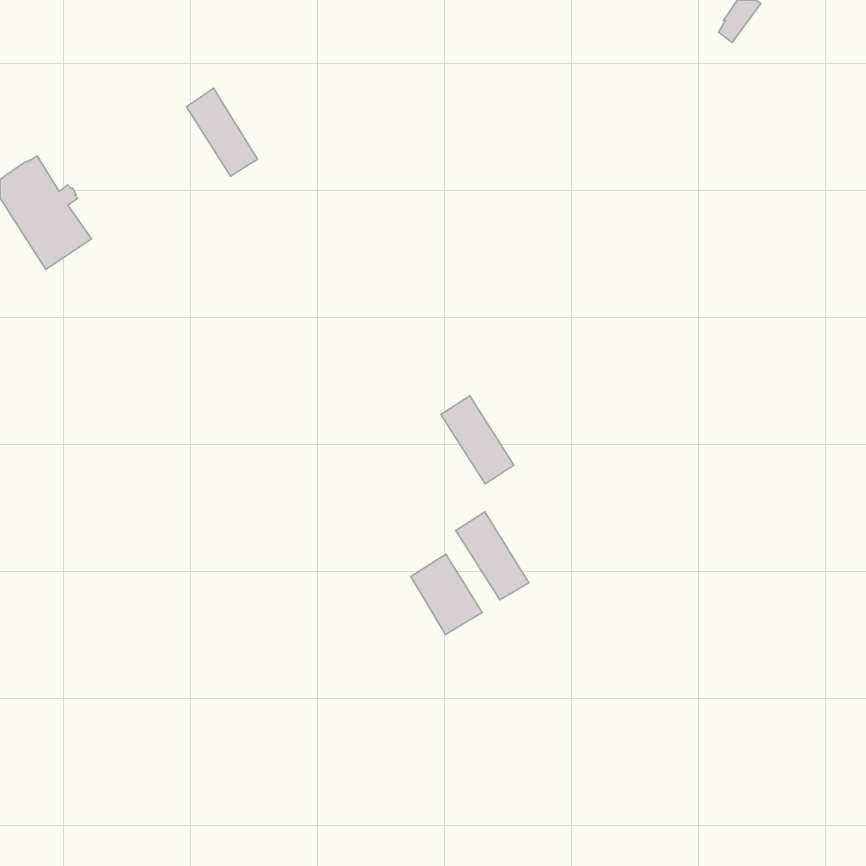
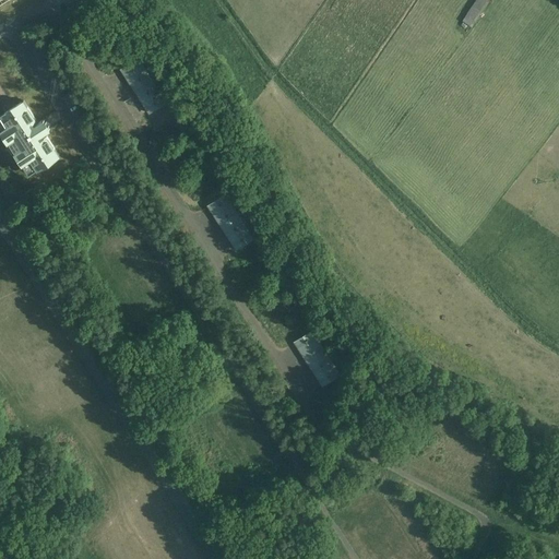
building: [441,396,514,484] -> [206,193,253,250]
building: [411,554,482,635] -> none

